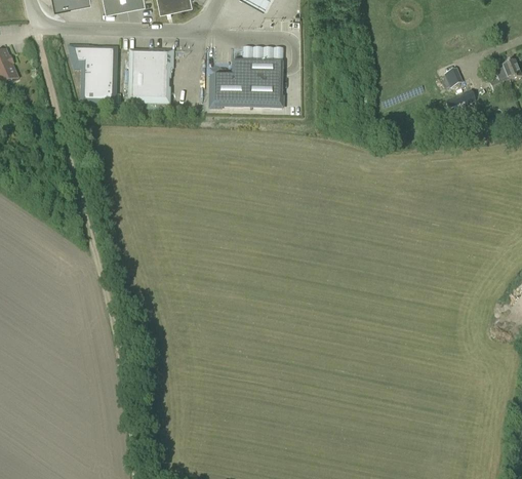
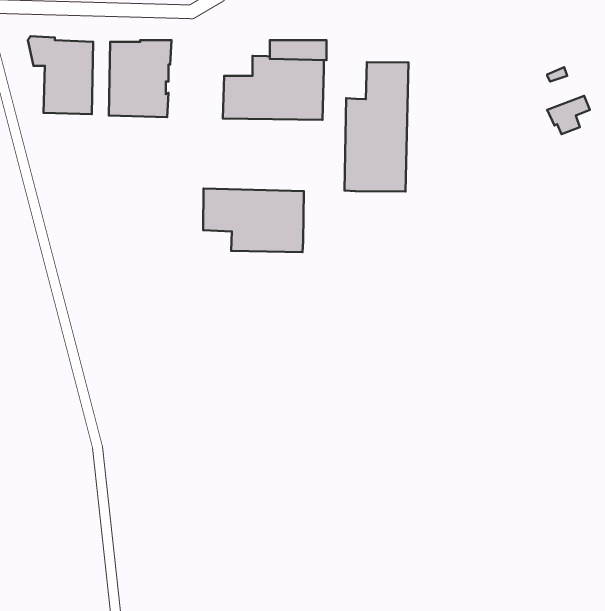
building: none -> [344,62,409,192]
building: none -> [203,189,304,252]

